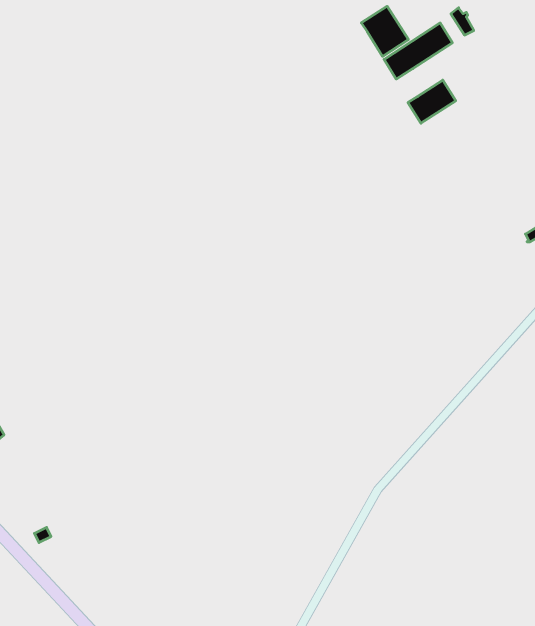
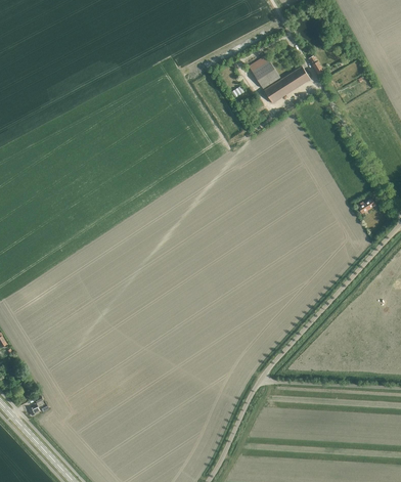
building: [408,80,456,123] -> none

